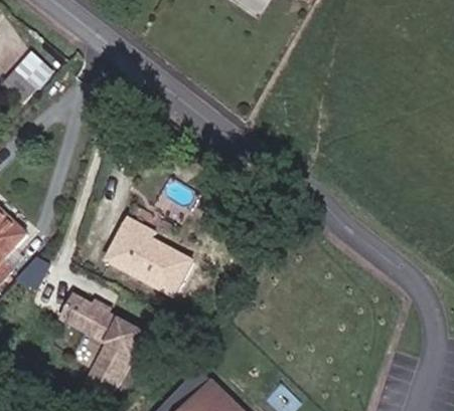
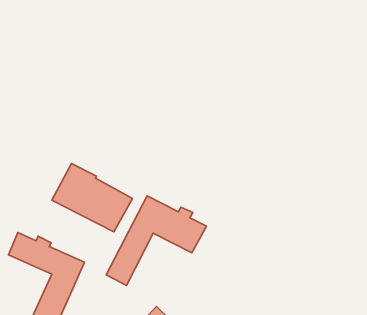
building: none -> [106,196,206,286]

